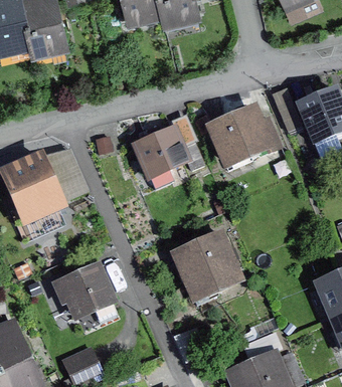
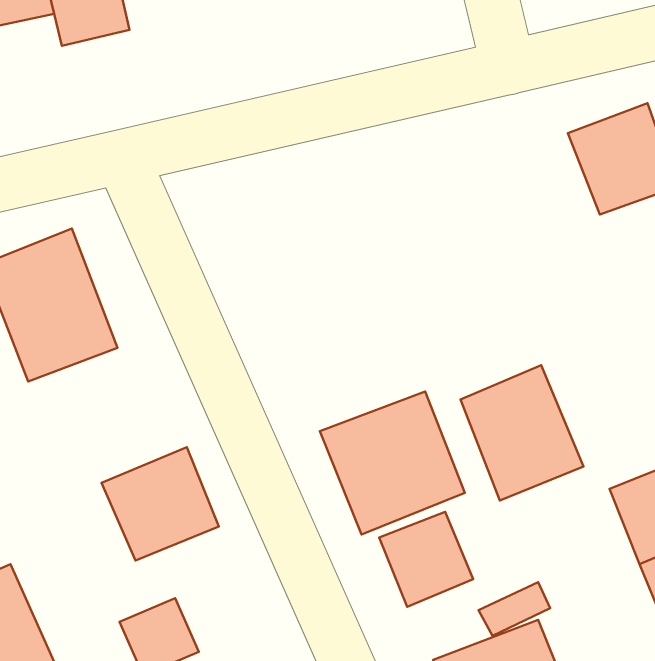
building: [205,105,276,169] -> none
building: [132,127,190,182] -> none
building: none -> [460,365,584,500]
building: none -> [379,512,473,607]

